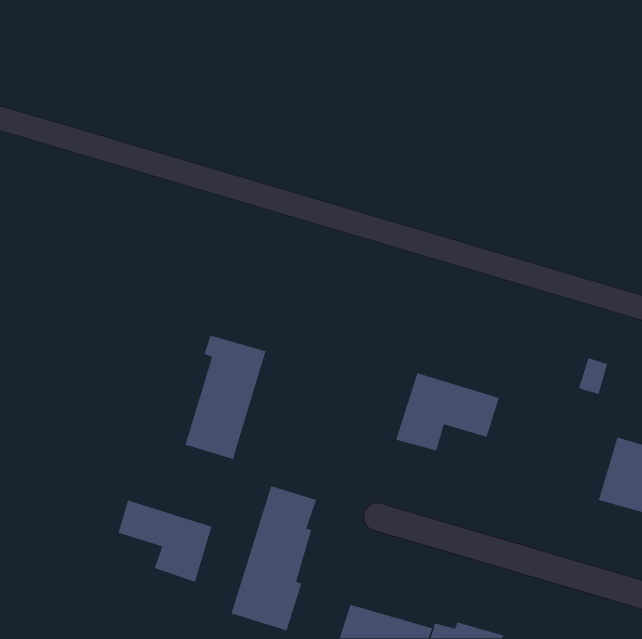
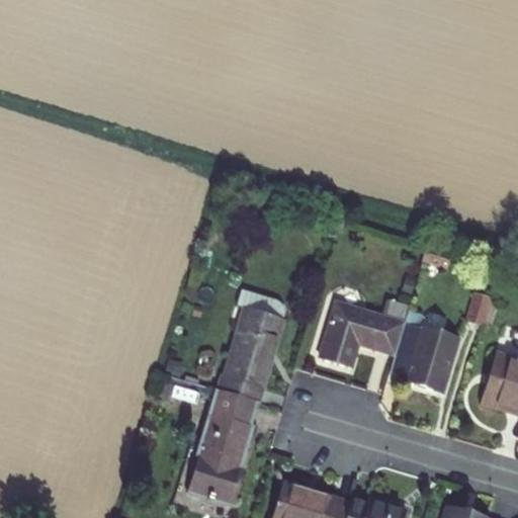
building: [185,334,266,460] -> [220,301,285,403]
building: none -> [387,320,457,390]
building: [117,499,213,583] -> none

